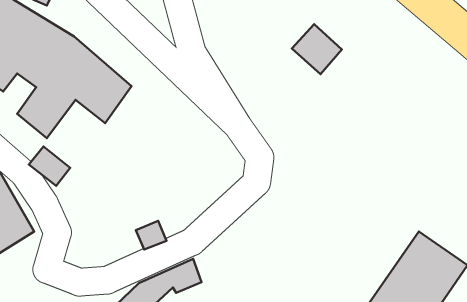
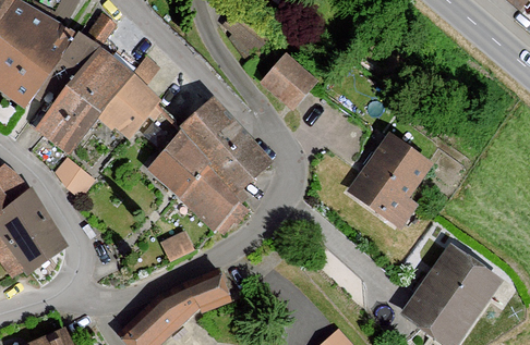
building: [292,24,342,74] -> [265,61,316,112]
building: none -> [154,97,269,222]
building: none -> [353,137,433,225]

